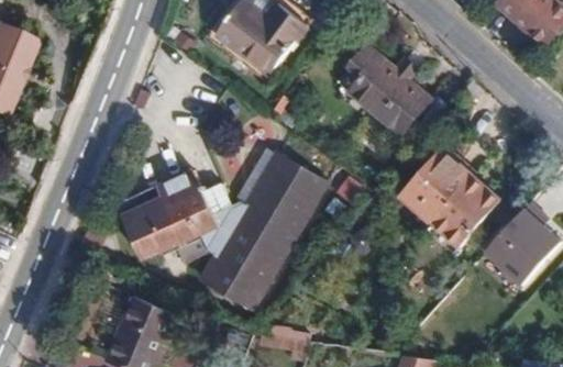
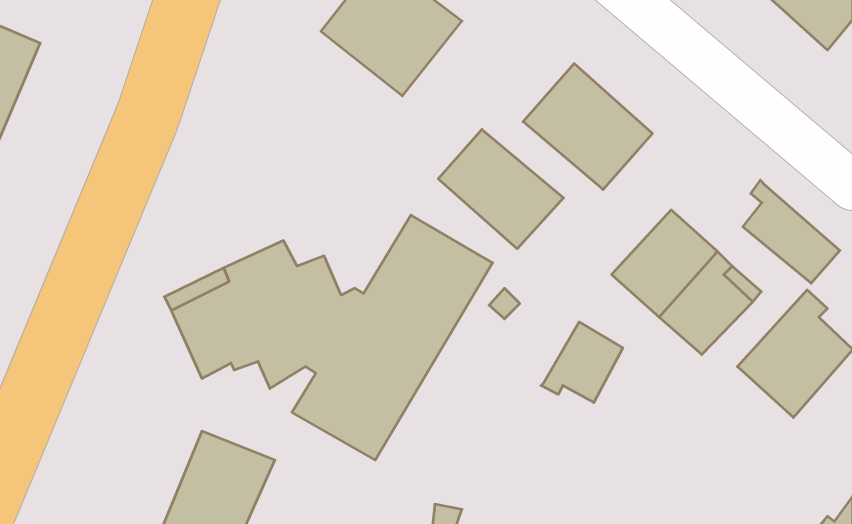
building: none -> [438,129,564,249]
building: none -> [743,180,840,283]
building: none -> [541,322,623,403]

